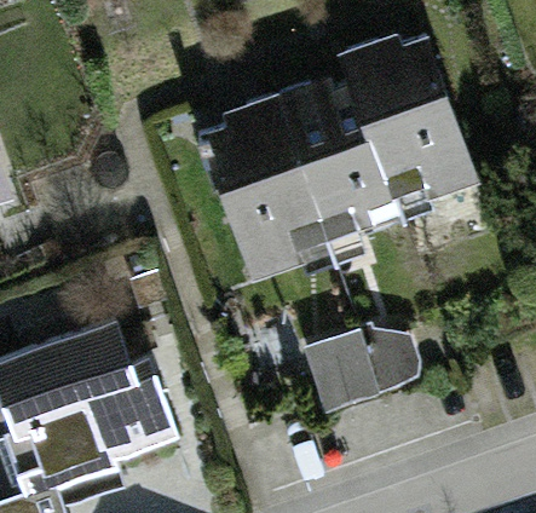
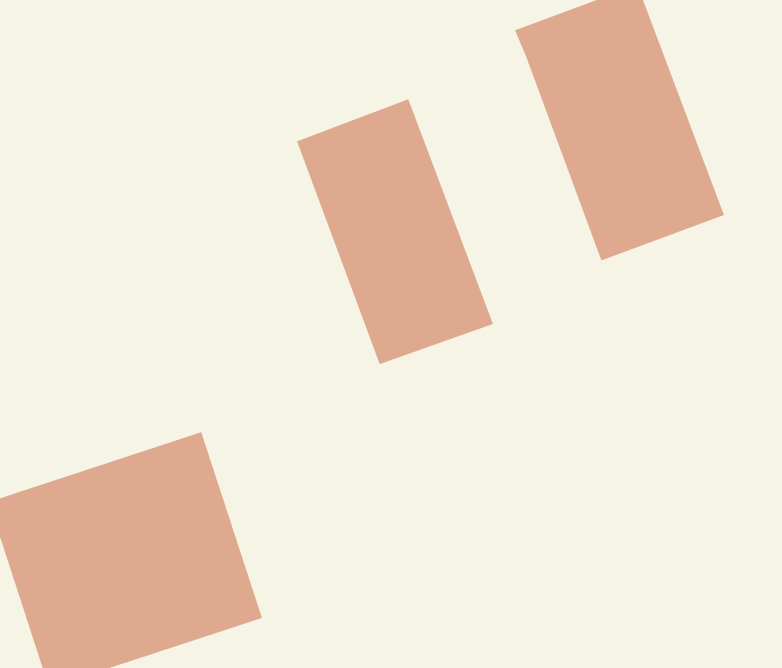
building: [269,73,399,248] -> none
building: [294,332,414,422] -> none

